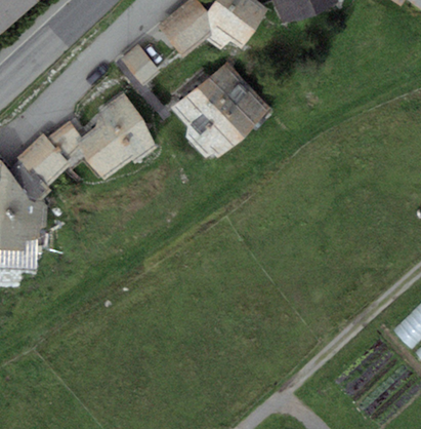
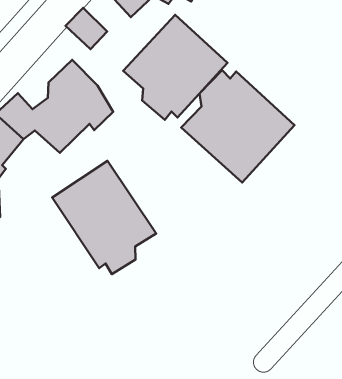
building: none -> [181,70,295,182]
building: none -> [52,161,156,274]

